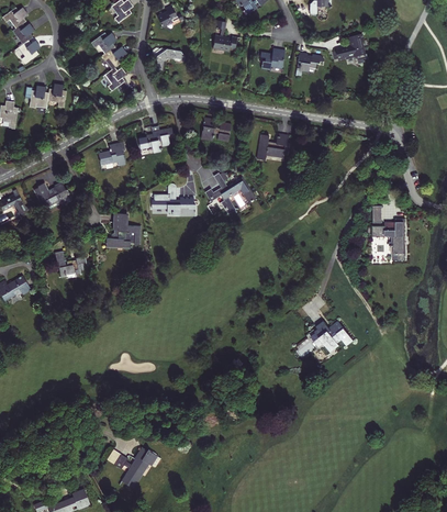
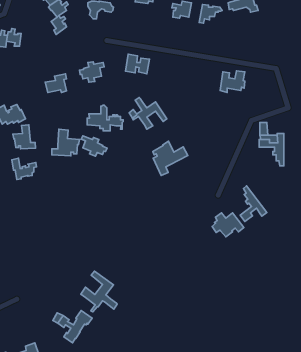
building: [256,133,288,160] -> [220,71,245,92]
building: none -> [13,125,35,149]
building: none -> [81,136,107,156]
building: none -> [153,141,188,176]
building: none -> [240,186,267,221]
building: none -> [81,271,117,312]

